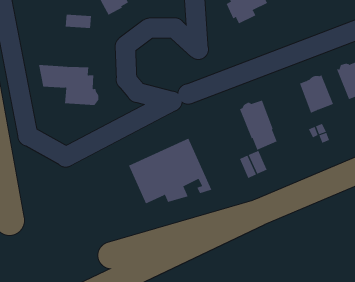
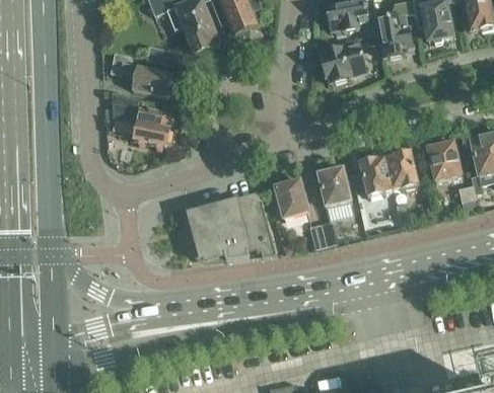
building: none -> [111,52,172,96]
building: none -> [359,156,393,195]
building: none -> [275,177,308,218]

